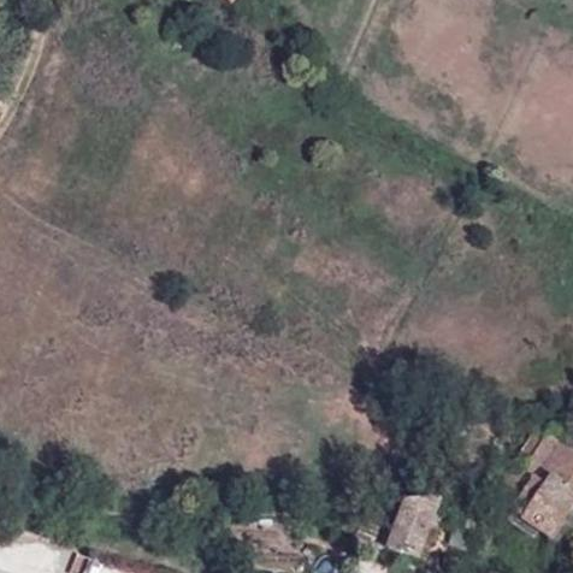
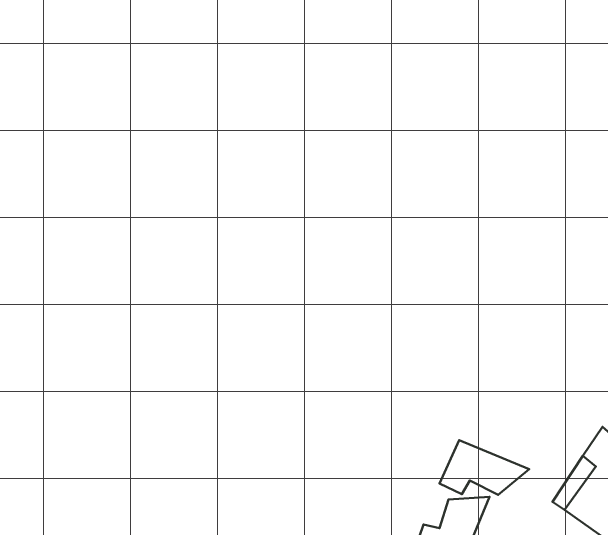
building: none -> [439,440,529,495]

